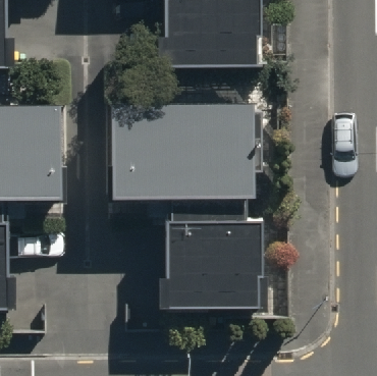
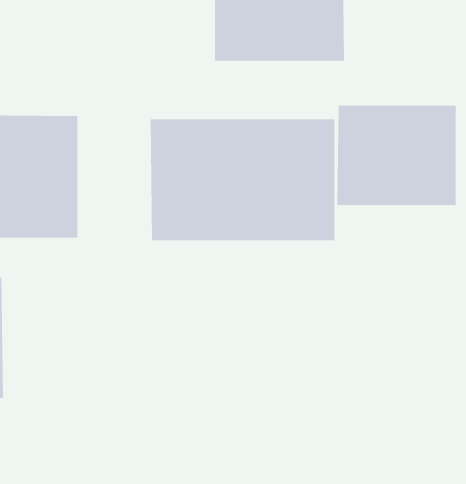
building: none -> [337,105,456,206]
building: [161,220,260,308] -> none

